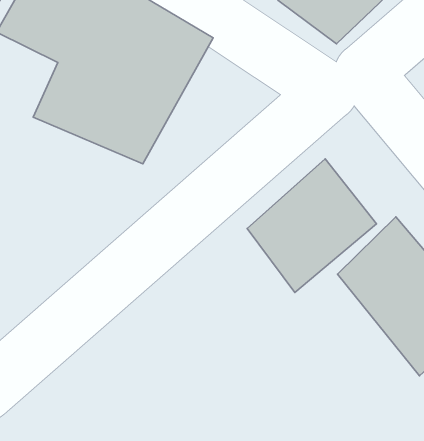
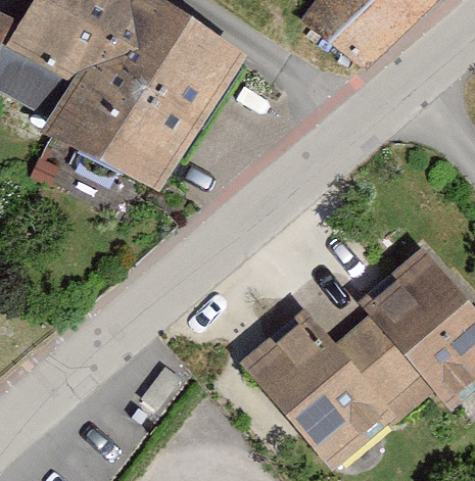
building: [247,159,376,293] -> none
building: none -> [238,307,412,467]

